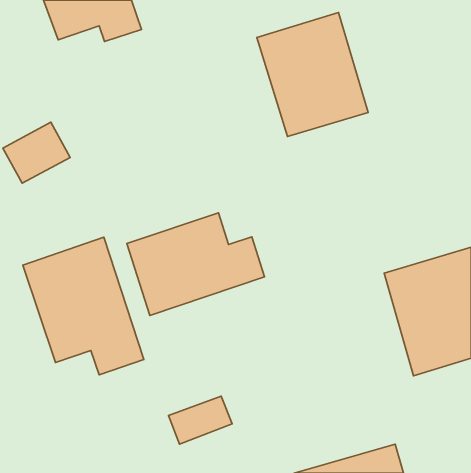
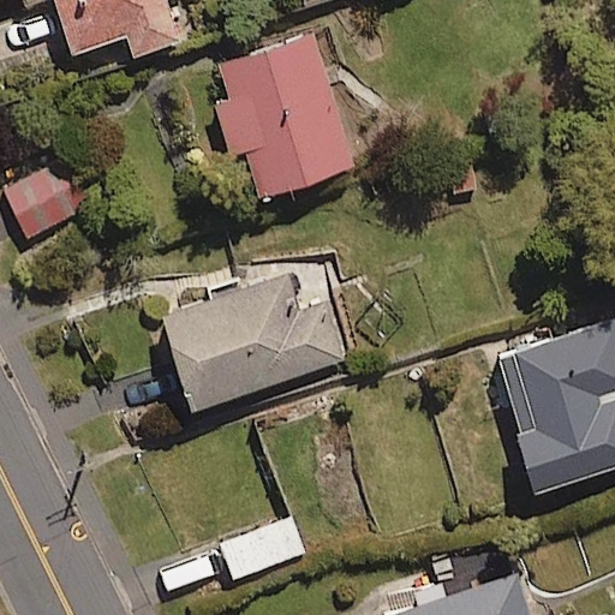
building: [257,12,368,136] -> [210,40,354,201]
building: [23,237,144,375] -> none

